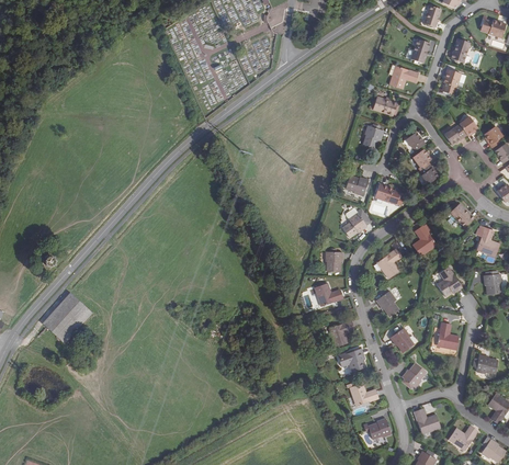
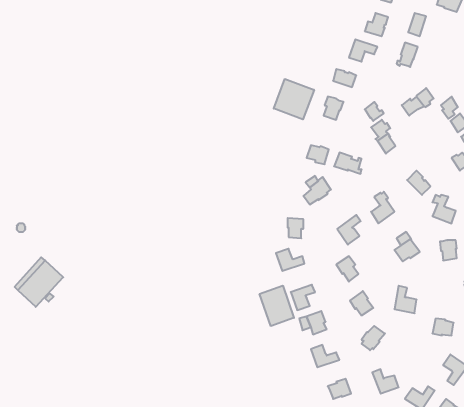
building: none -> [274,79,314,119]
building: none -> [260,286,294,326]

